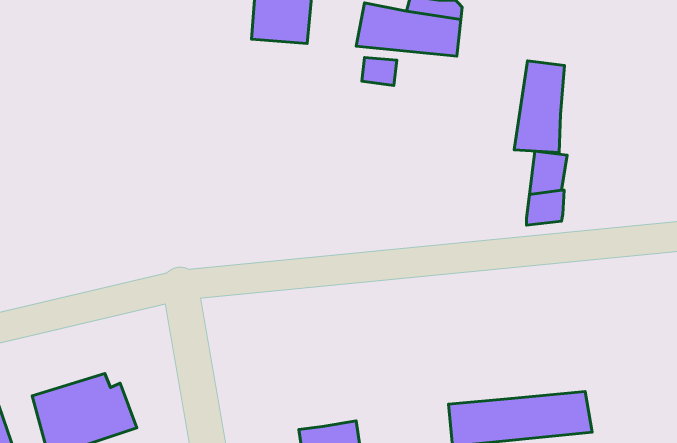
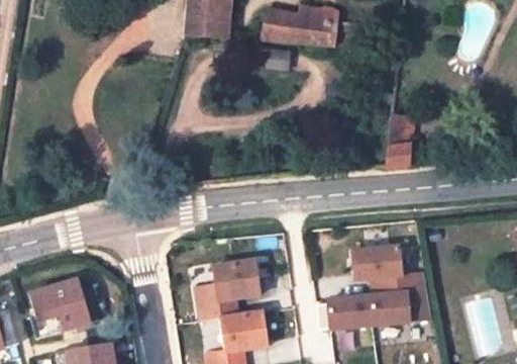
building: [514,61,565,153] -> none
building: none -> [352,246,427,294]
building: none -> [196,260,260,320]

